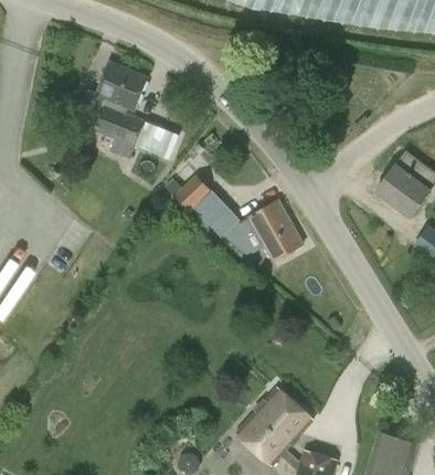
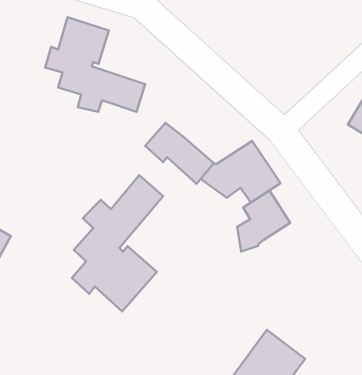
building: none -> [72,175,163,311]
building: none -> [237,190,290,252]

